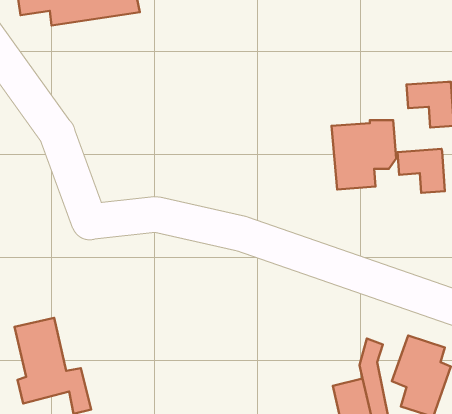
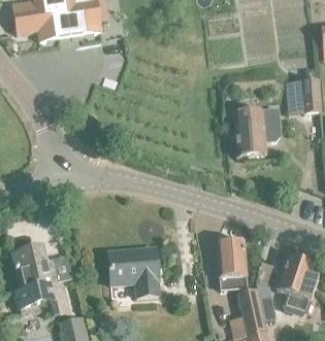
building: [397,149,445,193] -> none
building: none -> [217,241,248,288]
building: none -> [109,249,161,297]

